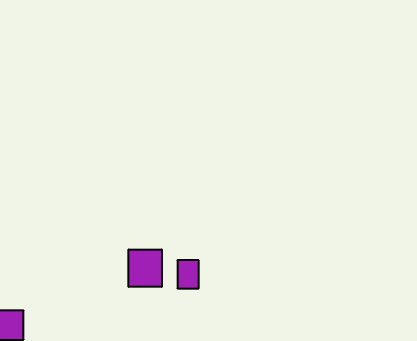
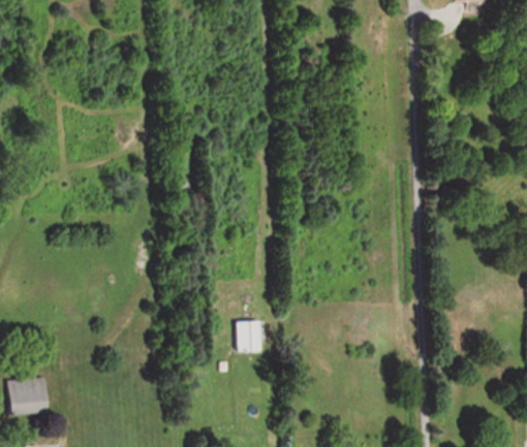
building: [129,249,162,287] -> none

